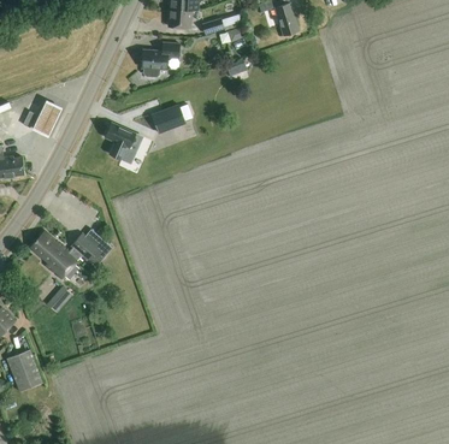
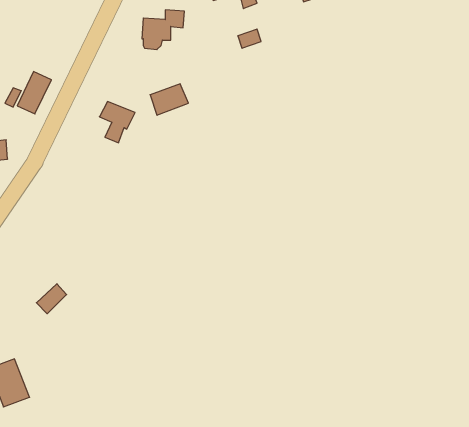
building: [30,231,113,278] -> none

